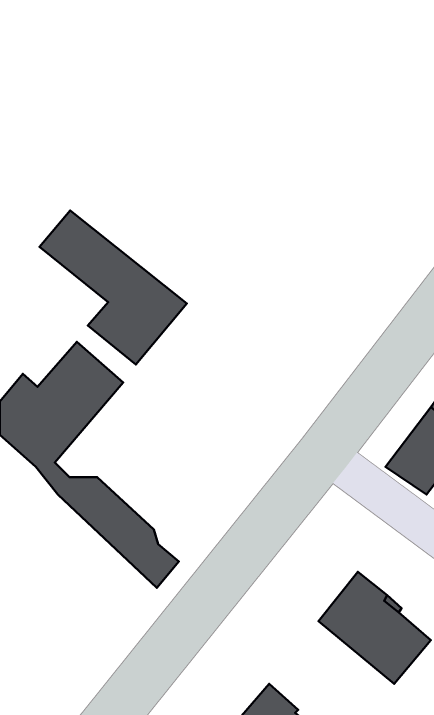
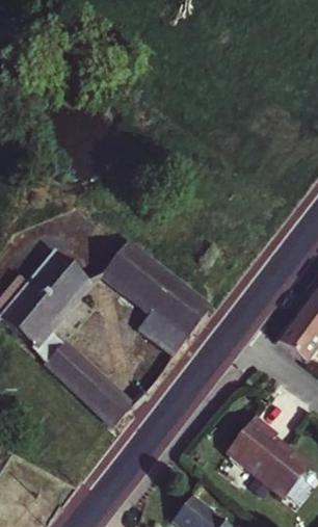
building: [40,210,187,365] -> [103,246,208,357]

